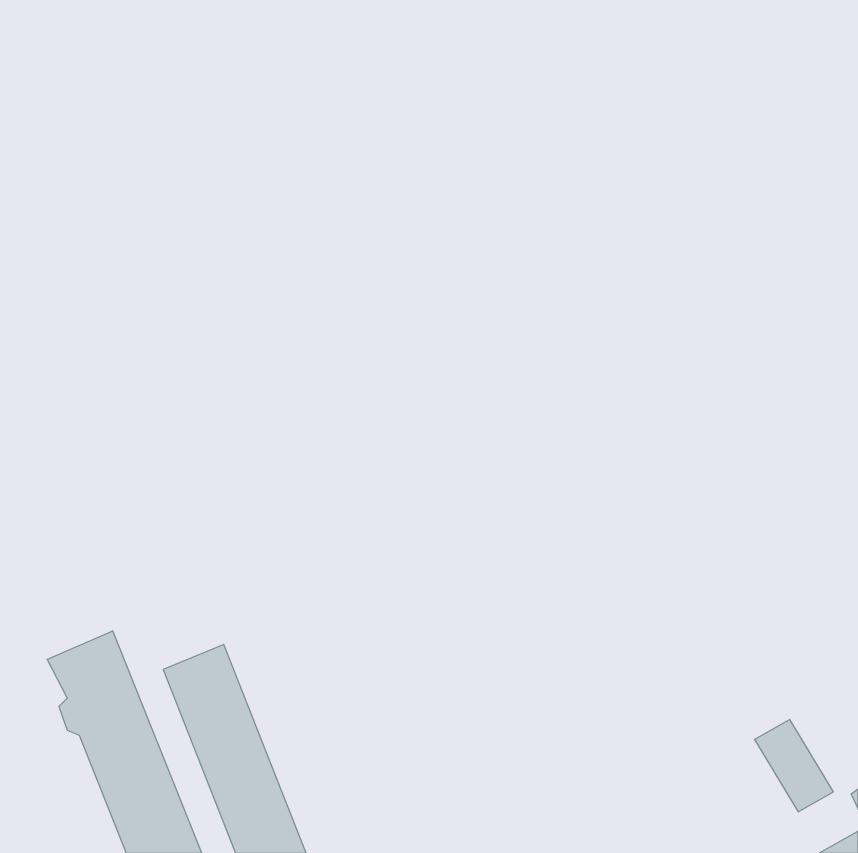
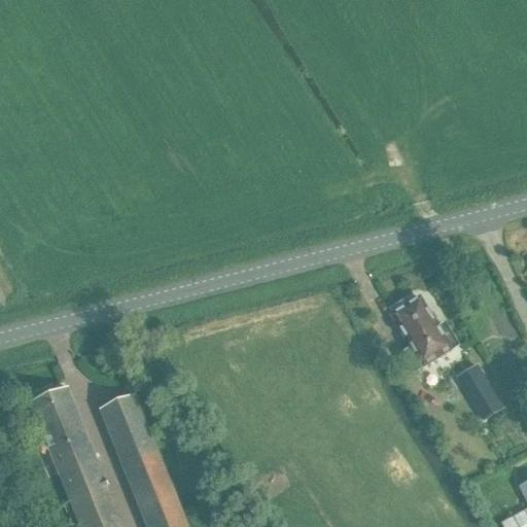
building: none -> [390,295,458,371]
building: [754,719,833,812] -> [457,363,505,420]

